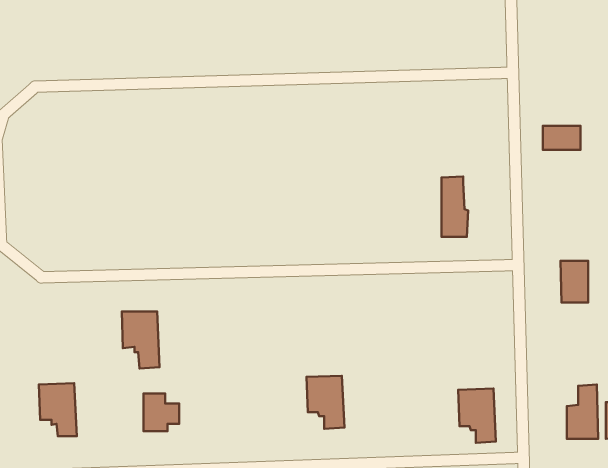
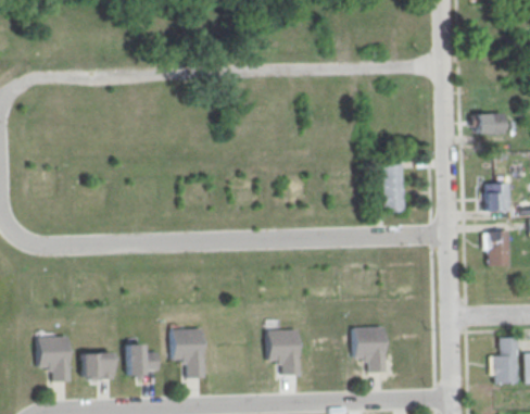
building: none -> [483,184,509,212]
building: [122,312,160,368] -> [172,329,204,378]
building: [458,388,496,443] -> [353,326,386,373]
building: none -> [81,353,113,378]

